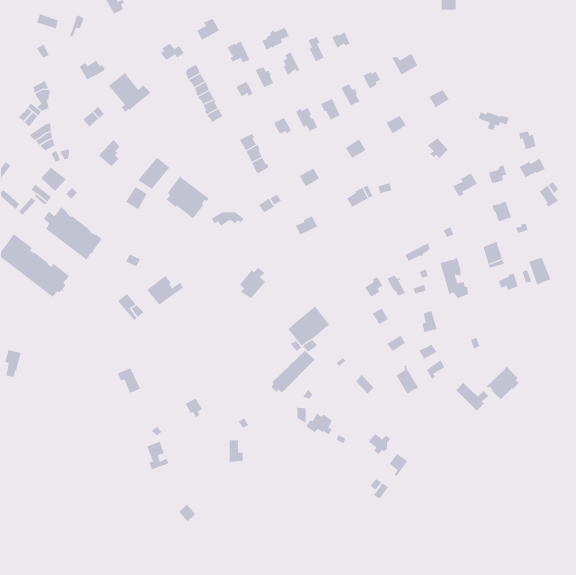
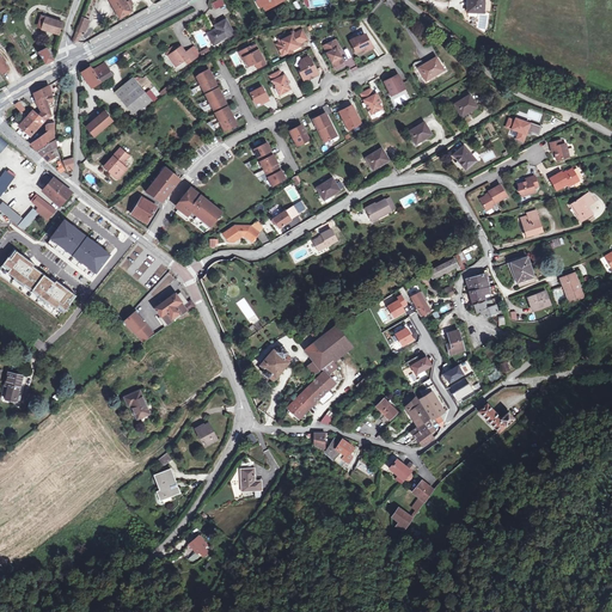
building: [239,267,266,299] -> [261,345,289,379]
building: [486,366,520,400] -> none
building: none -> [406,396,434,443]

